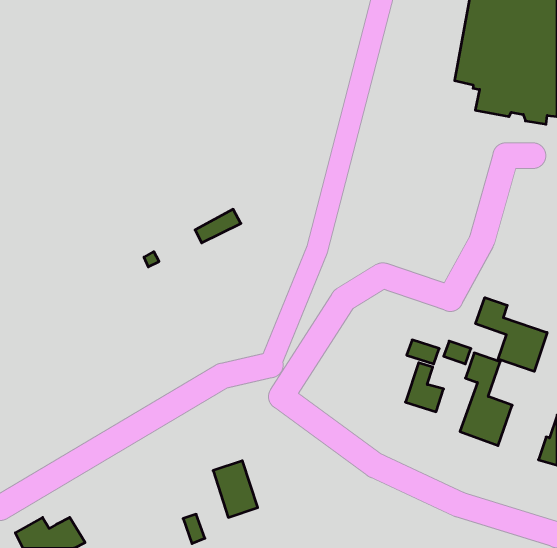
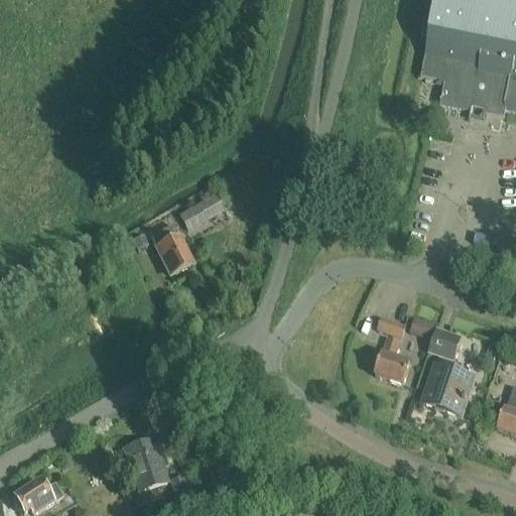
building: none -> [151,223,192,273]
building: [476,298,547,371] -> none
building: [213,461,258,517] -> [123,437,164,490]

